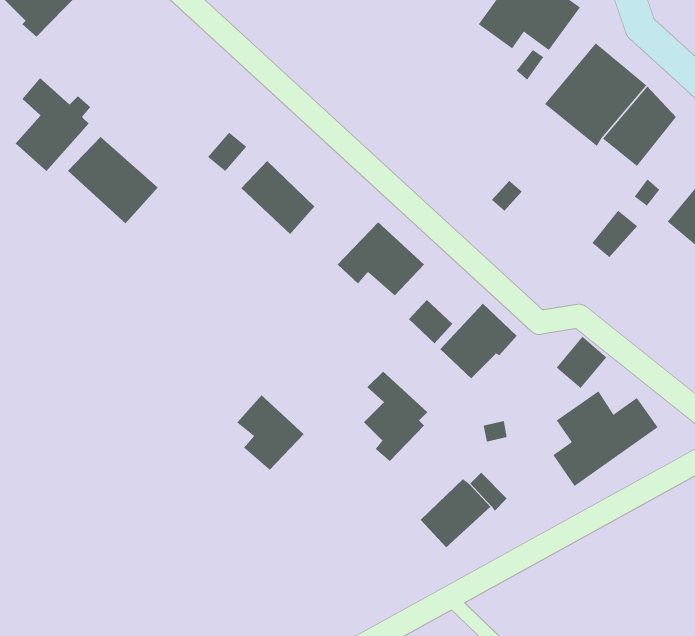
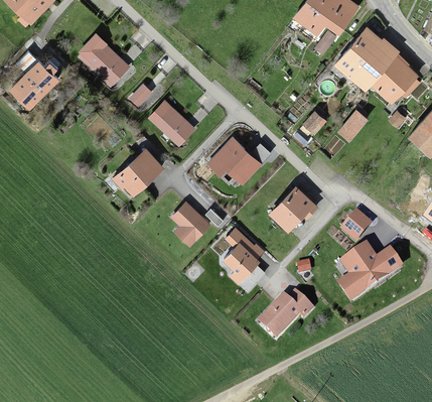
building: [67,136,159,224] -> [77,34,132,88]
building: [591,210,638,258] -> [338,111,367,140]
building: none -> [113,148,162,194]
building: [408,299,453,344] -> none
building: [237,394,305,471] -> [171,199,212,246]

